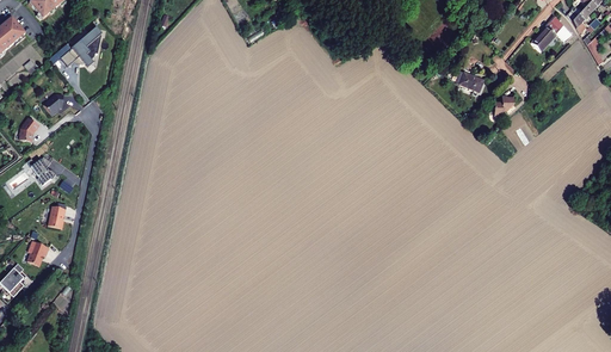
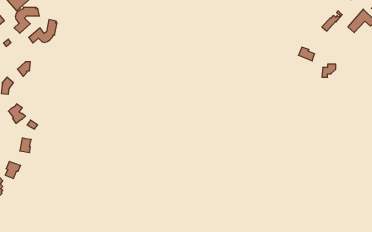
building: none -> [14,7,39,33]

